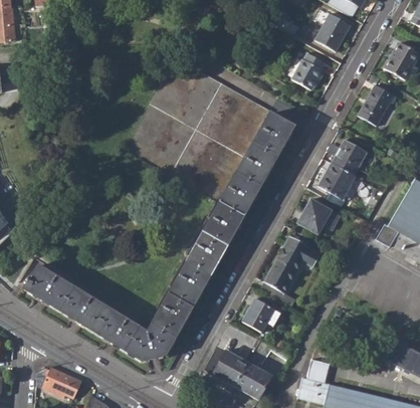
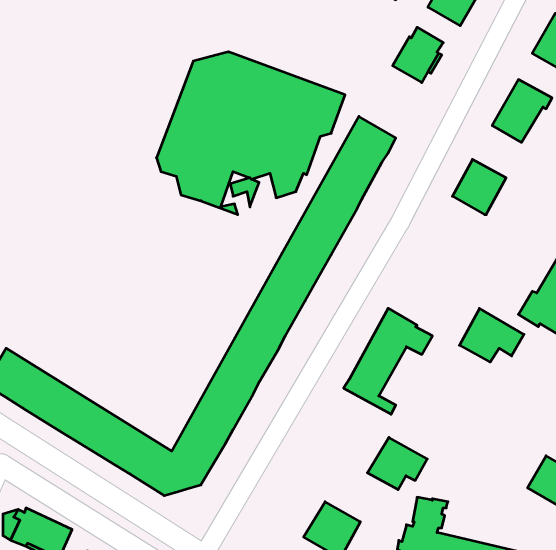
building: [319,163,353,206] -> none
building: [297,199,340,234] -> [459,308,524,362]
building: [241,298,280,333] -> [367,437,427,490]
building: [212,350,248,386] -> none

